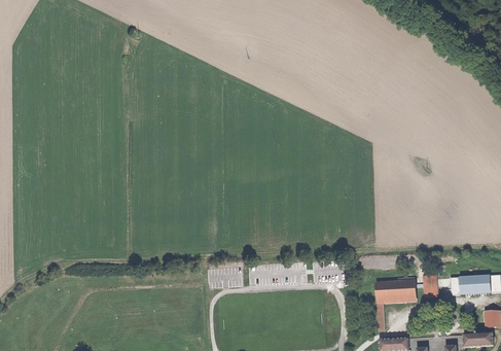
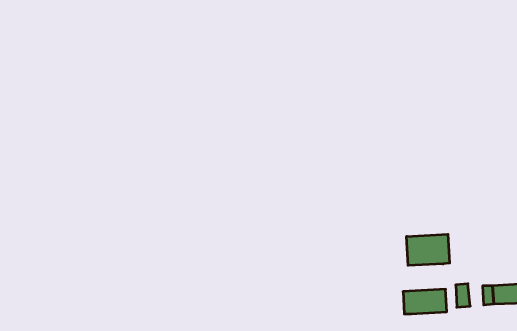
building: none -> [407,234,450,265]

